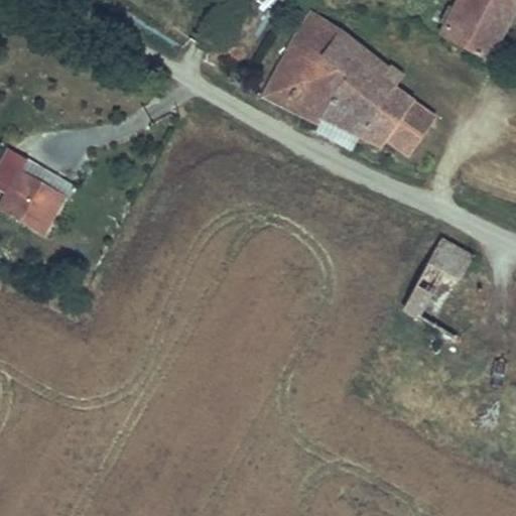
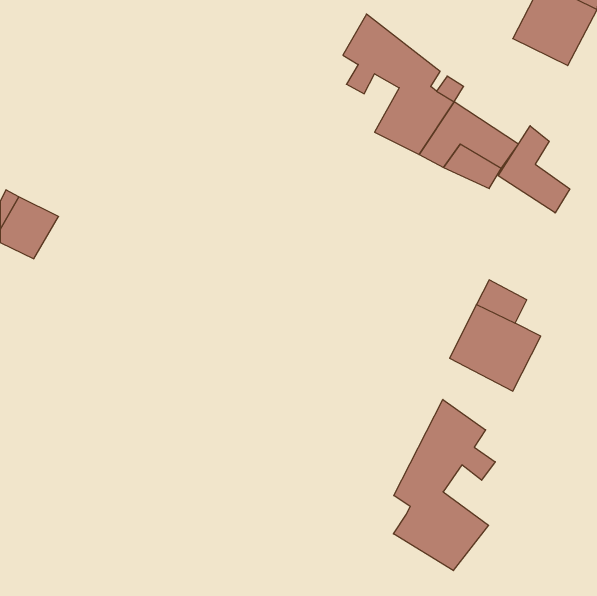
building: [262,43,345,117] -> none
building: none -> [498,126,570,213]
building: none -> [393,399,495,571]

